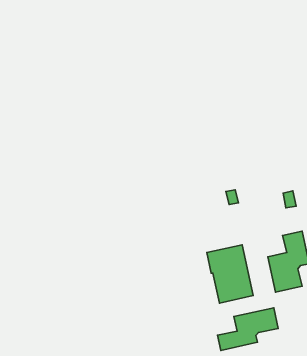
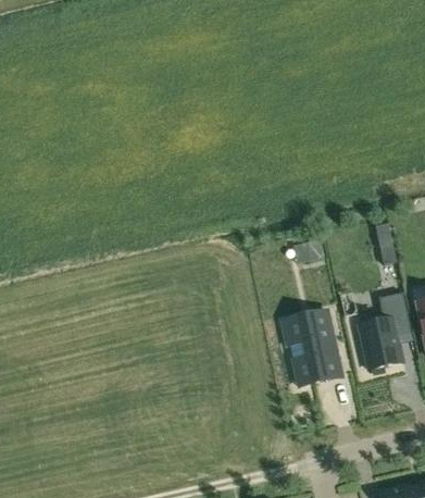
building: [217,308,278,350] -> none

